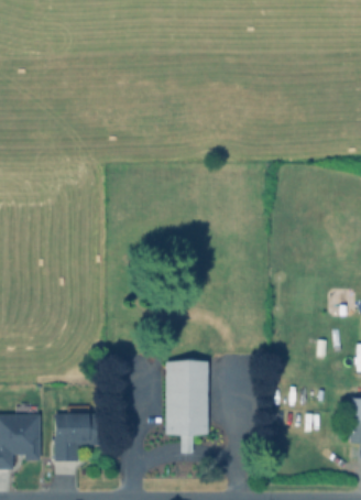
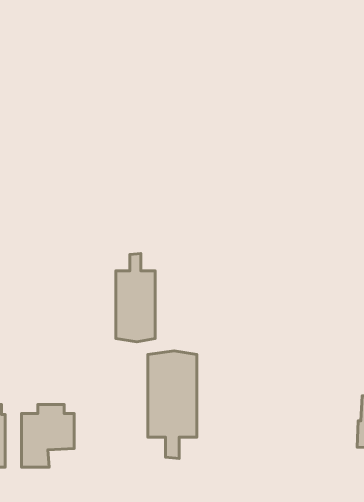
building: none -> [116,253,155,342]

